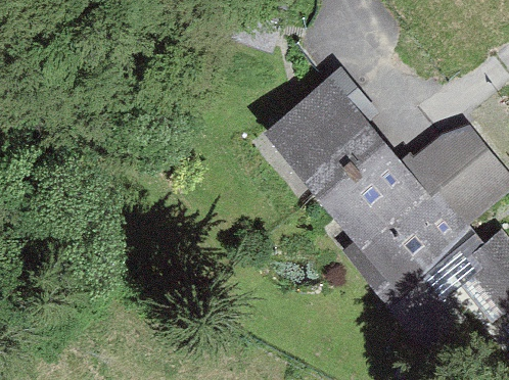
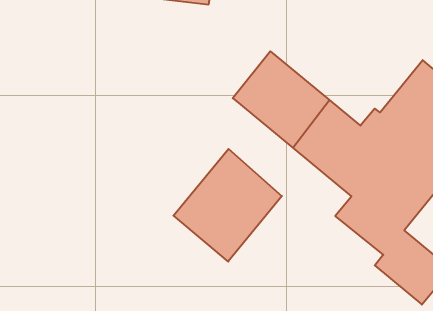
building: none -> [173,149,282,262]

